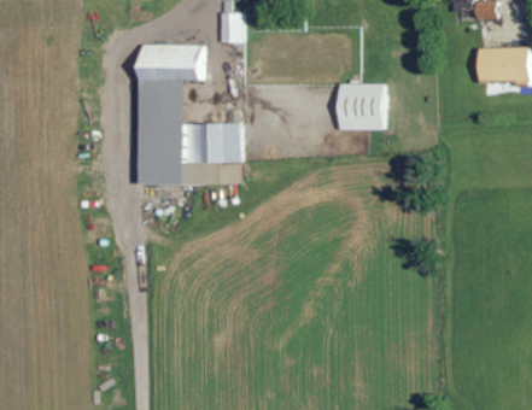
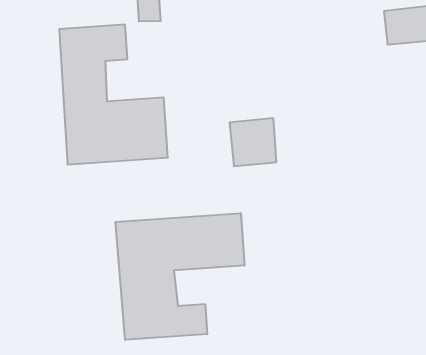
building: [337,83,382,130] -> [230,118,276,166]
building: none -> [116,213,244,340]

